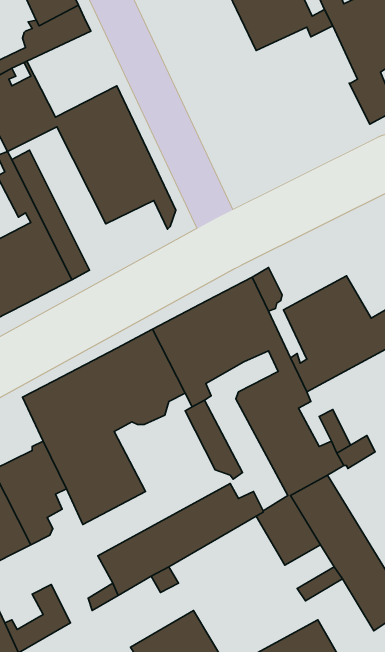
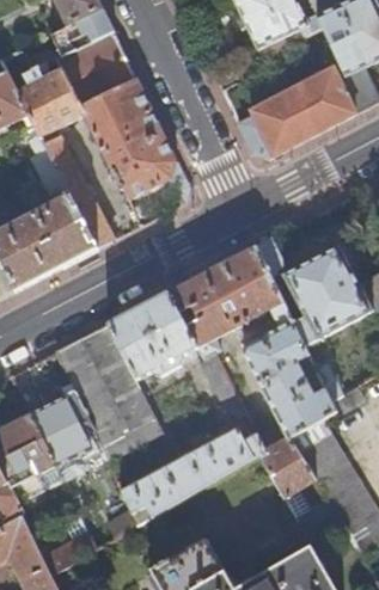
building: none -> [57,30,136,105]
building: none -> [238,66,357,158]

